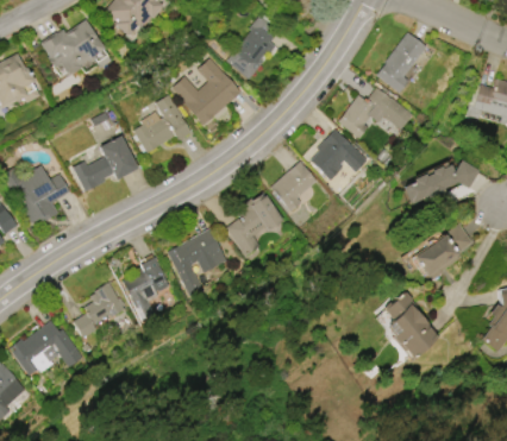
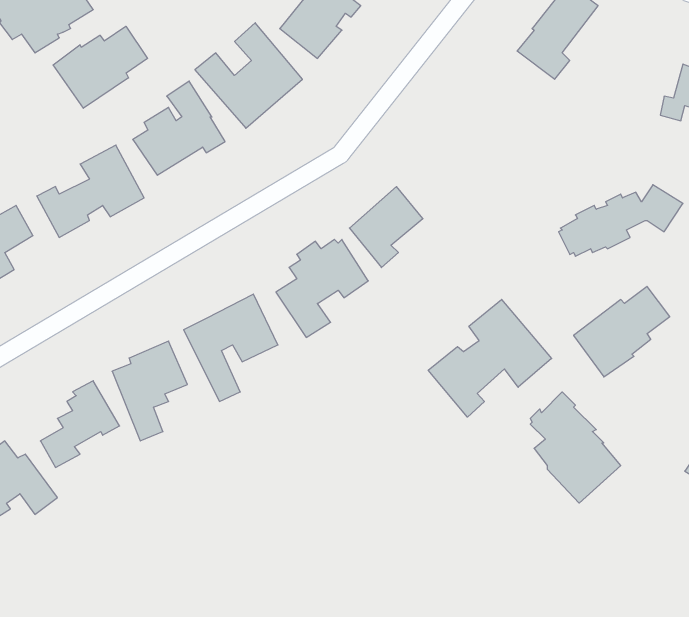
building: none -> [53,26,148,108]
building: [339,88,415,139] -> none
building: [311,131,368,181] -> none
building: none -> [428,299,552,417]

